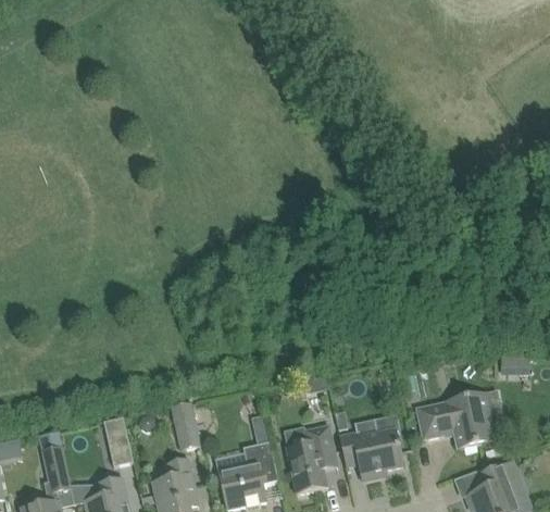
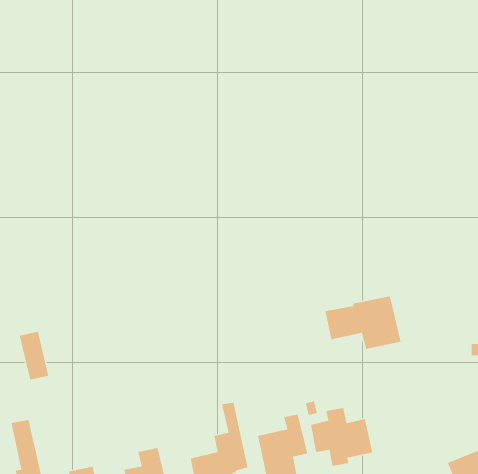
building: [416,391,493,446] -> [324,296,401,350]
building: [171,401,199,447] -> none
building: [102,414,133,464] -> [19,331,49,381]

